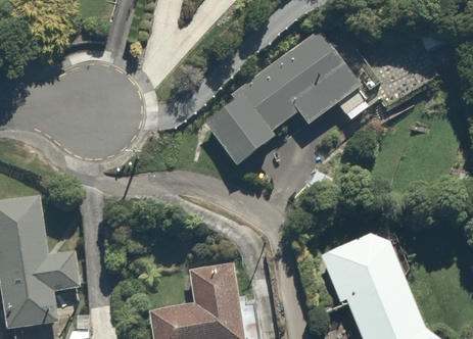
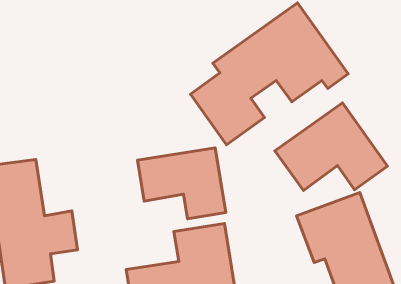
building: none -> [275,103,387,191]
building: none -> [137,148,226,219]

